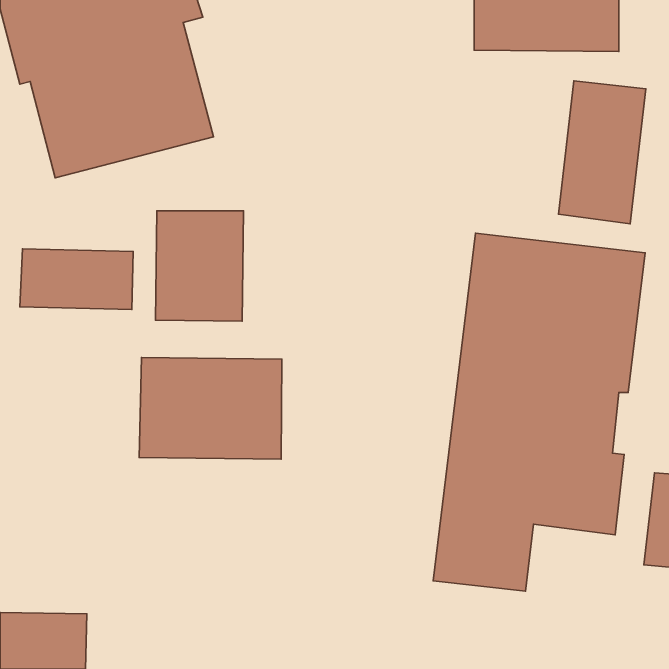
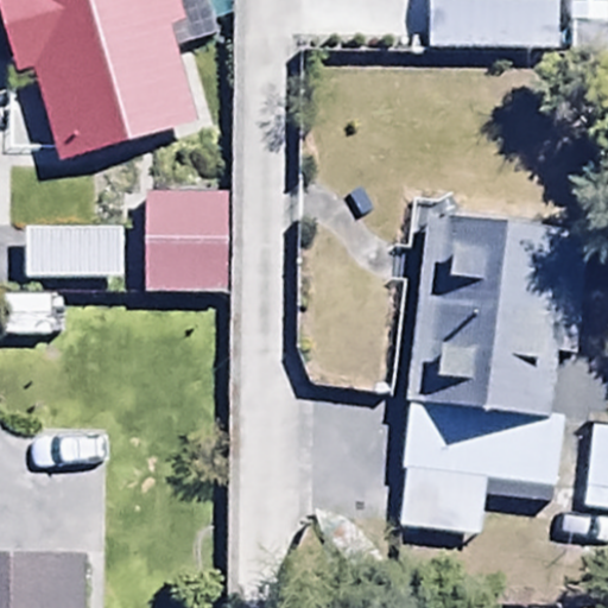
building: [558,81,646,224] -> none
building: [139,358,282,459] -> none

